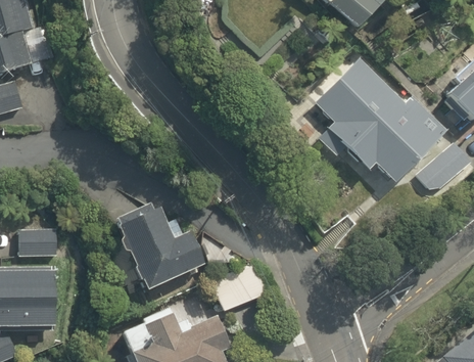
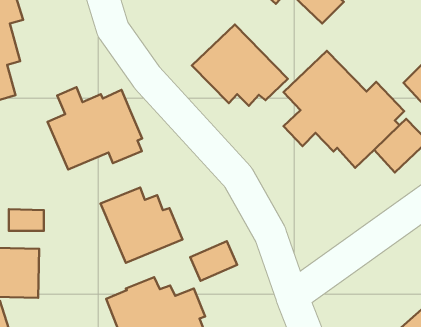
building: none -> [192,24,288,106]
building: none -> [48,87,142,169]

